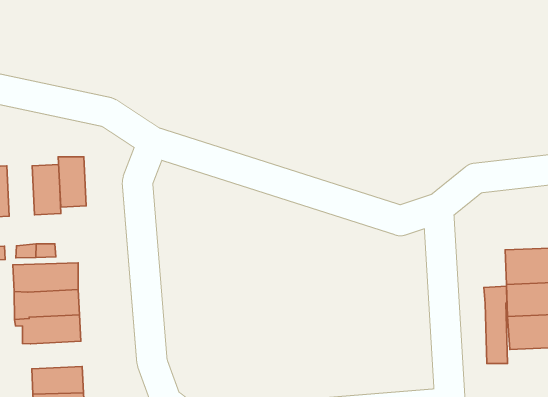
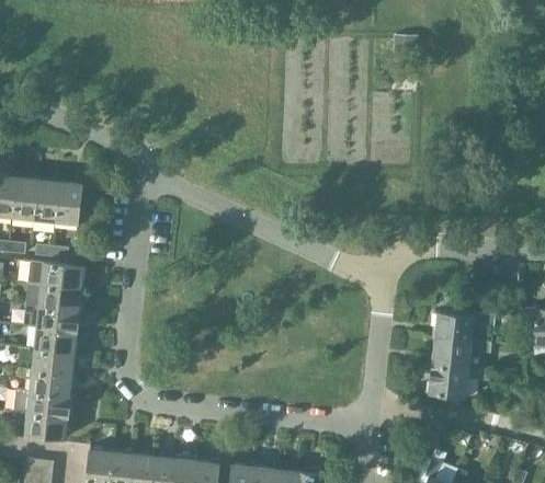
building: [58,157,86,207] -> [34,180,59,223]
building: [484,286,507,364] -> none
building: none -> [33,329,77,354]

